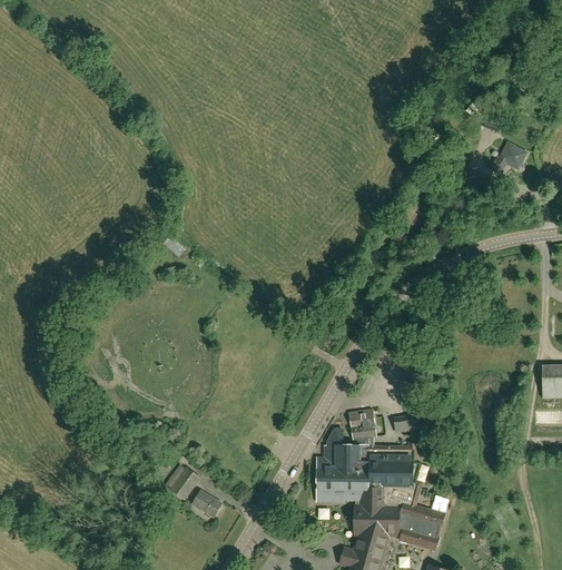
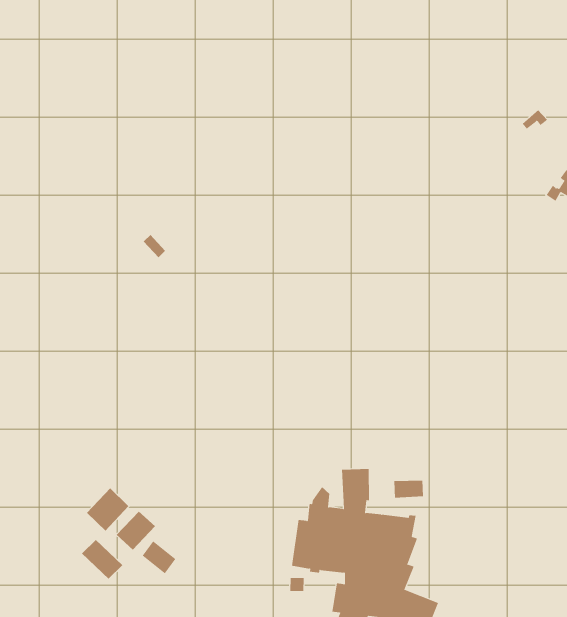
building: none -> [86,487,129,532]
building: none -> [81,539,123,579]

